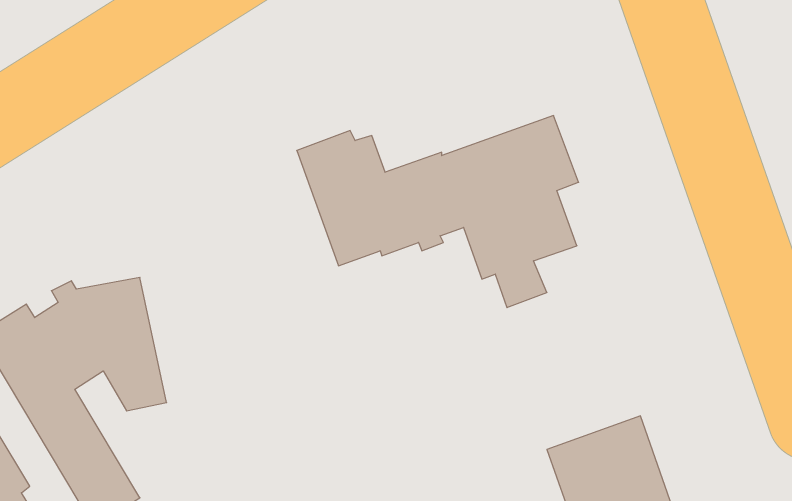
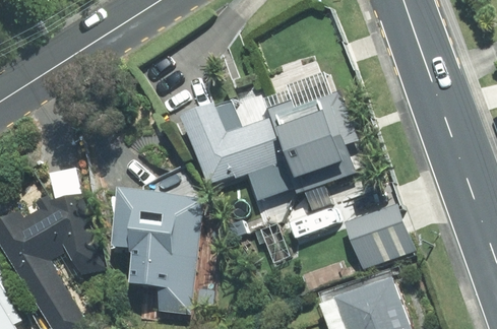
building: none -> [110,188,200,315]
building: none -> [343,201,411,269]

